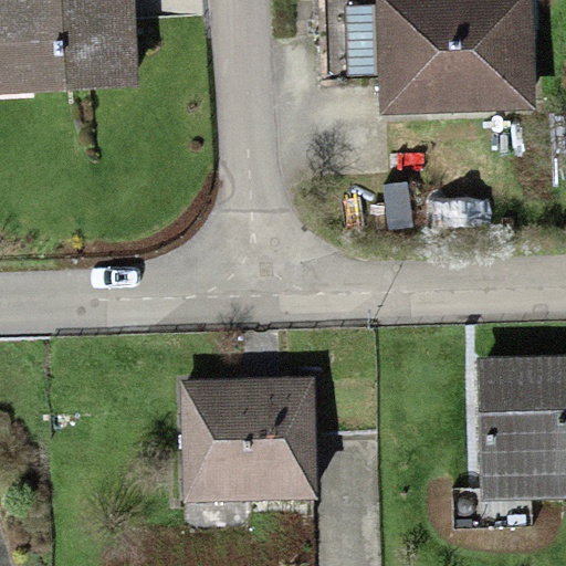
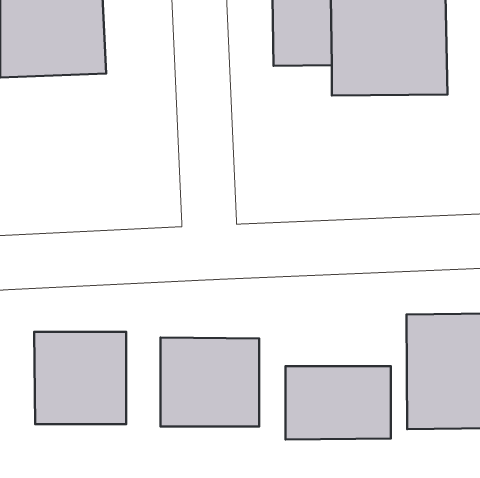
building: none -> [34,332,126,424]
building: none -> [285,366,391,439]

